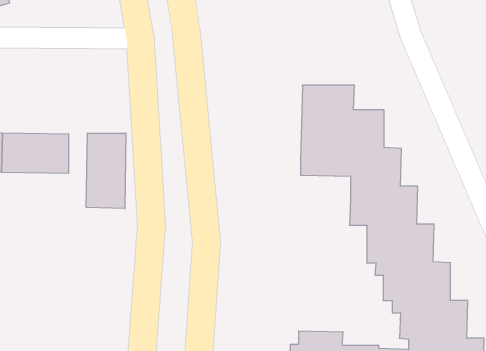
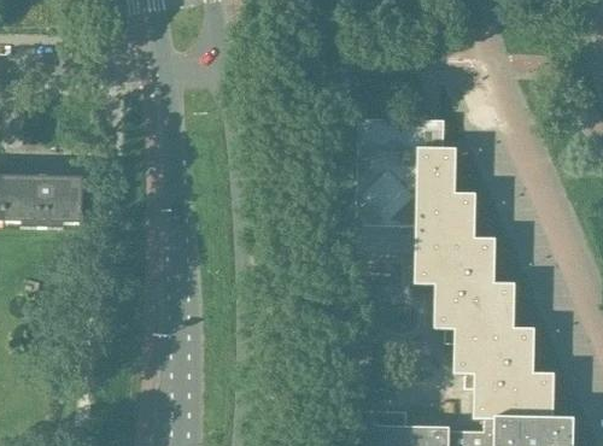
building: [86,133,126,209] -> none

